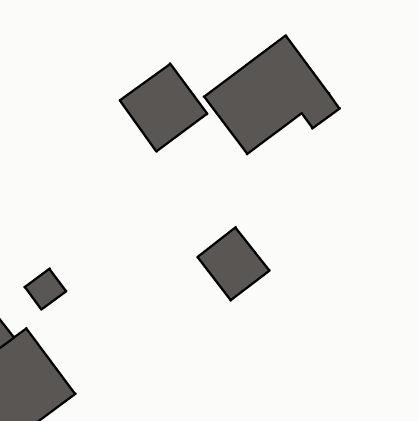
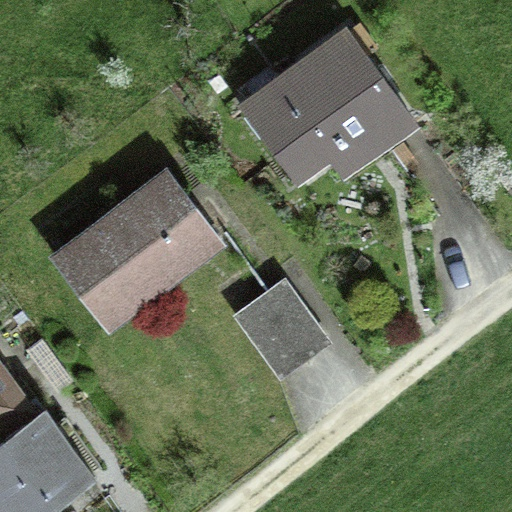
building: [120,64,207,151] -> none
building: none -> [60,177,214,320]

